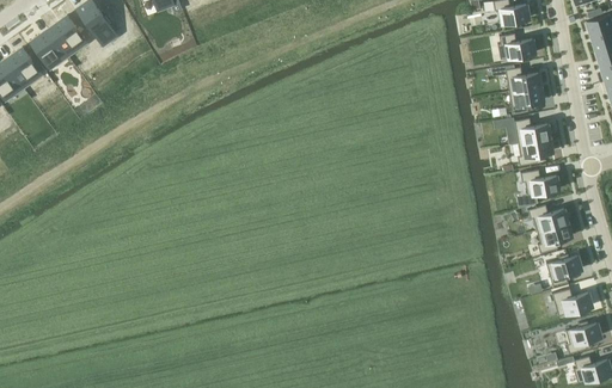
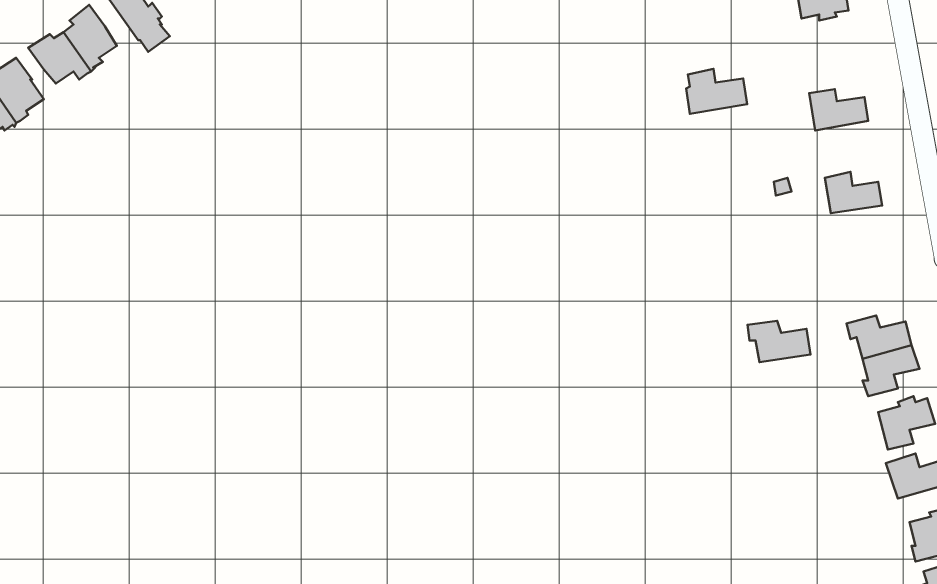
building: [500,32,537,60] -> [686,69,747,114]
building: [510,86,545,113] -> none
building: [520,137,553,166] -> none
building: [522,170,561,195] -> [748,321,811,362]

